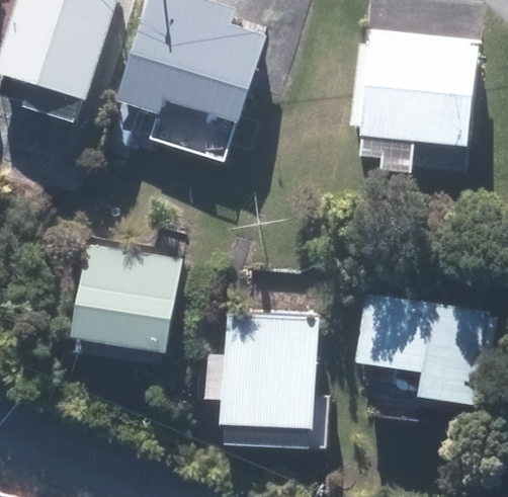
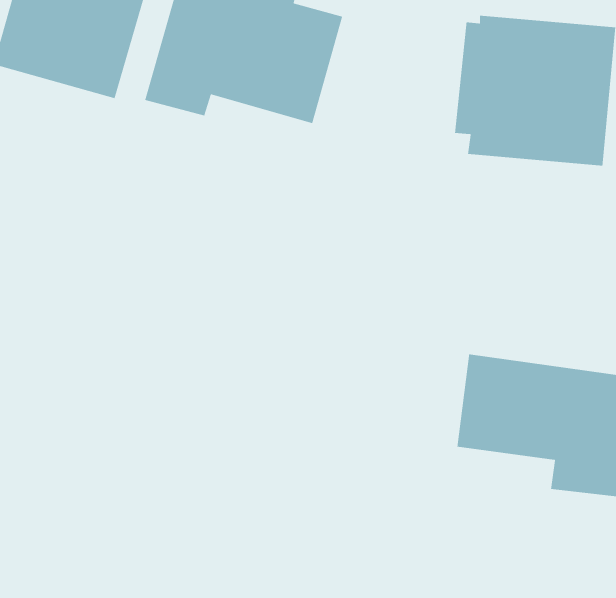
building: [74,243,180,354] -> none
building: [204,315,319,449] -> none

